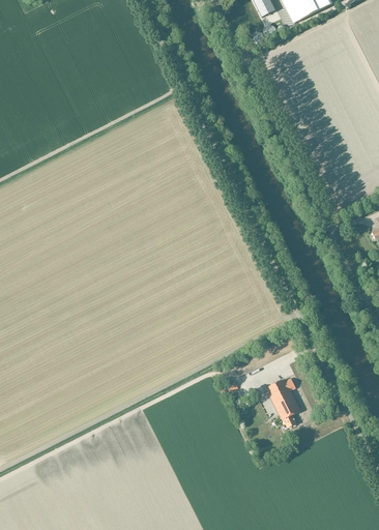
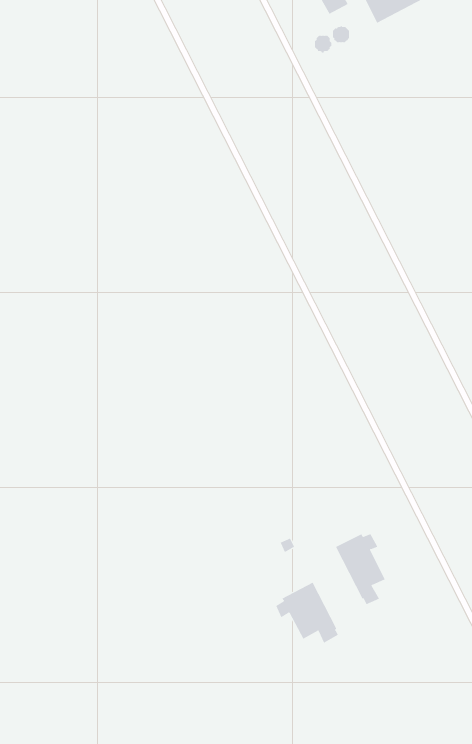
building: none -> [275,582,339,644]

